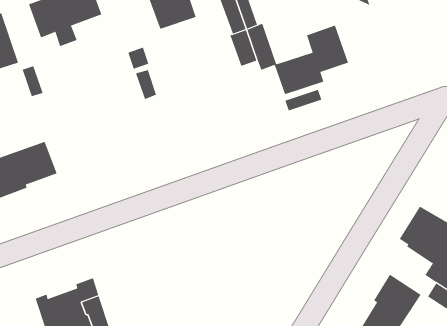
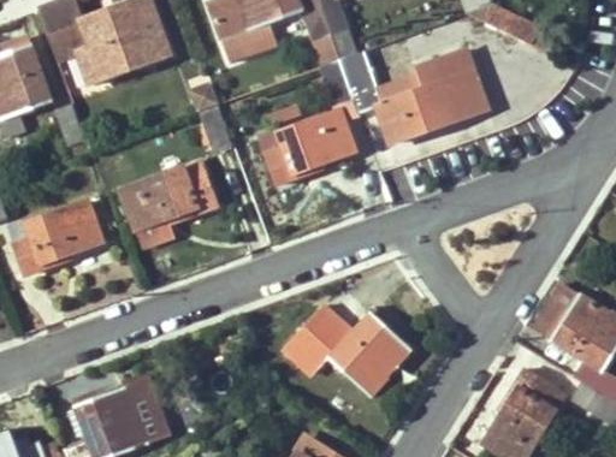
building: none -> [437,48,488,125]
building: none -> [260,111,354,185]
building: none -> [120,160,215,245]
building: none -> [285,304,411,394]

